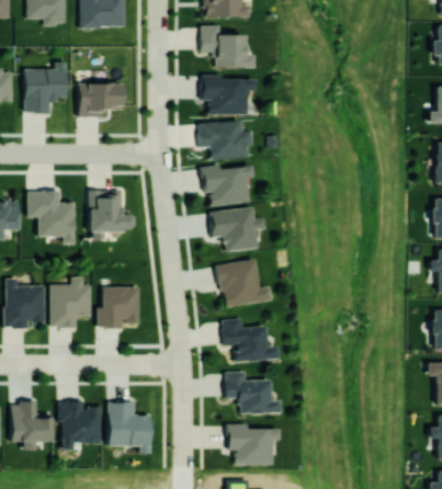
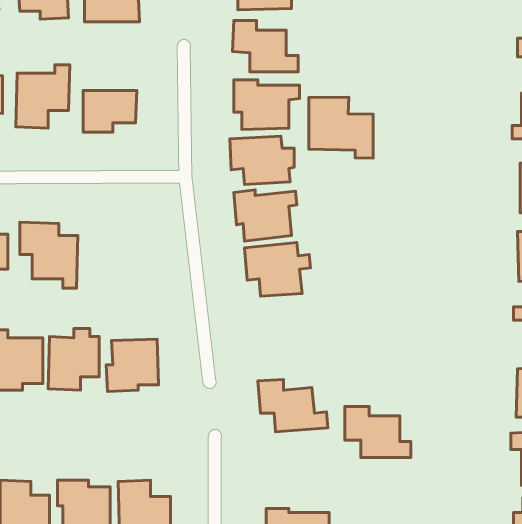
building: none -> [309,97,373,158]
building: [88,191,133,231] -> none
building: [217,260,271,306] -> none
building: [226,372,280,413] -> [345,406,411,457]

